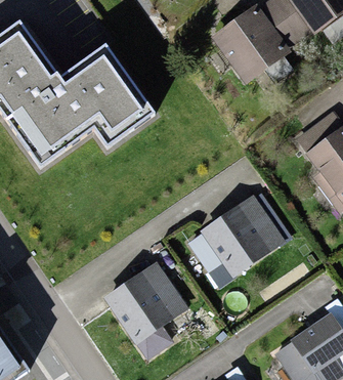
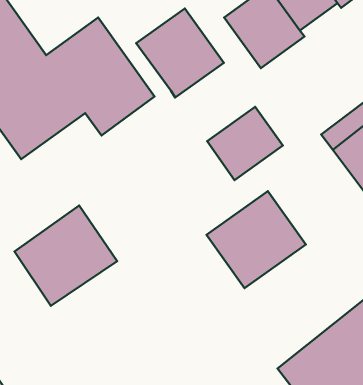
building: none -> [136,8,224,97]
building: none -> [207,107,283,180]
building: [103,260,192,347] -> [14,206,117,306]

